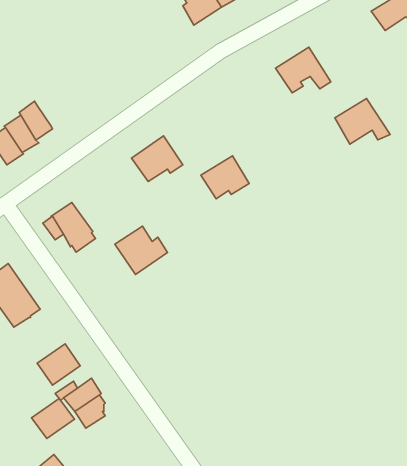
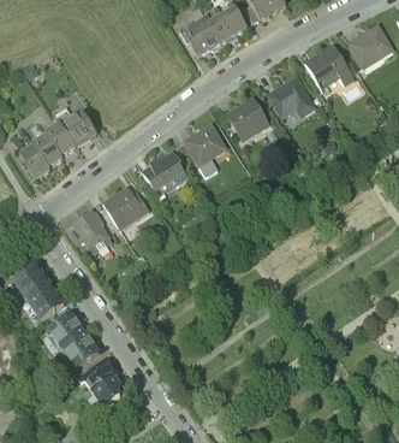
building: none -> [226,98,268,135]
building: none -> [61,113,95,144]
building: [335,98,390,144] -> [306,47,355,87]
building: [201,156,249,199] -> [184,124,226,161]
building: [115,226,167,275] -> [103,187,149,229]
building: [31,398,74,439] -> [48,315,85,350]

